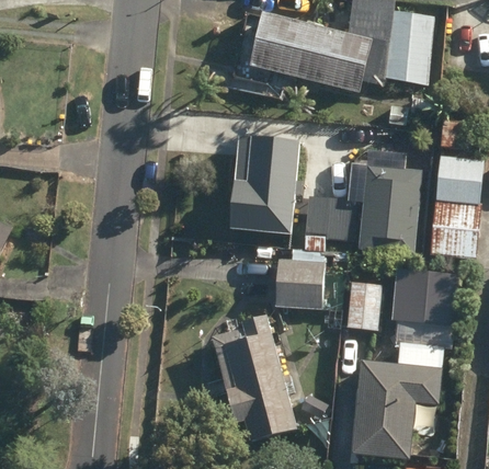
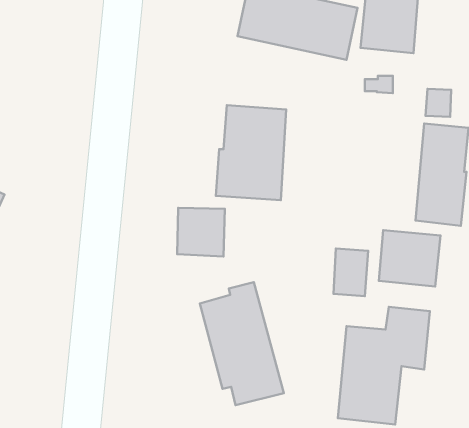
building: [359,164,420,253] -> none
building: [305,195,357,250] -> none
building: [276,259,325,308] -> [177,208,225,256]

